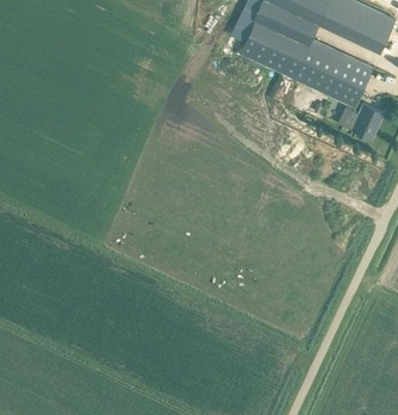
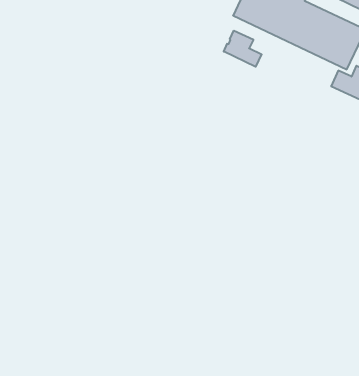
building: none -> [224,31,262,67]

